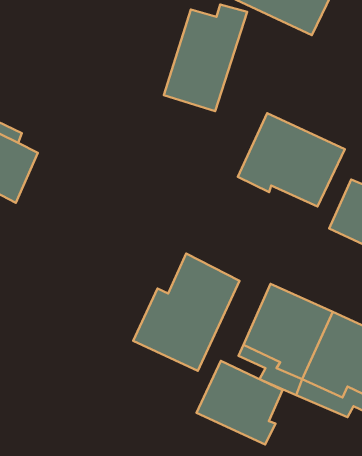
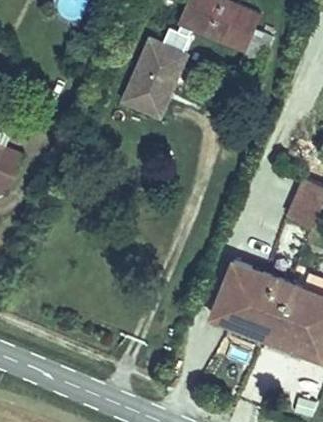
building: [238,113,345,206] -> none
building: [133,254,240,371] -> none
building: [197,361,283,445] -> none

